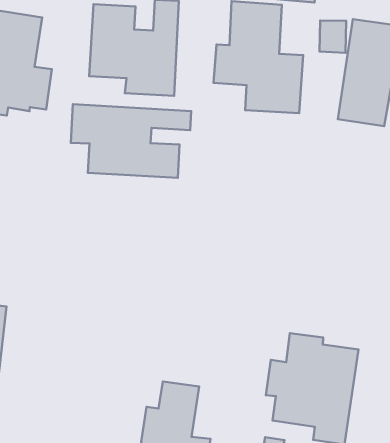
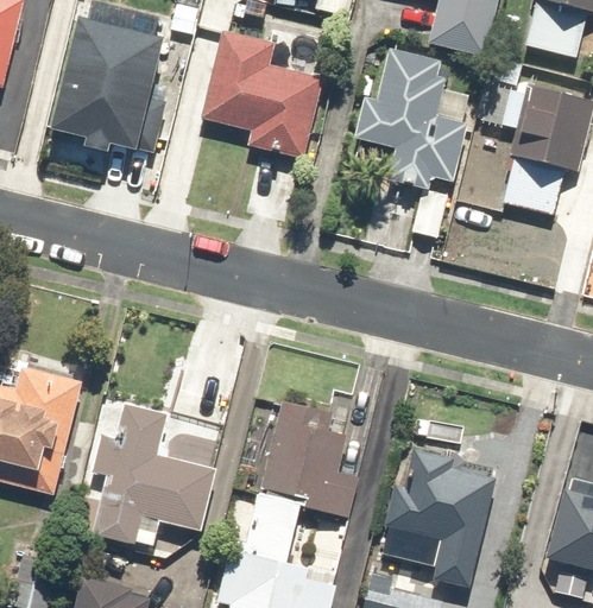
building: [71,104,191,178] -> none
building: none -> [257,400,359,517]
building: none -> [92,403,219,546]

